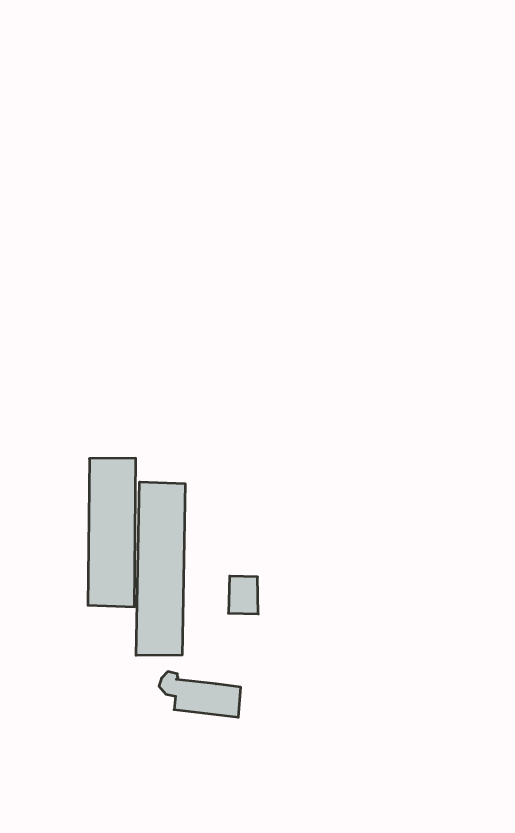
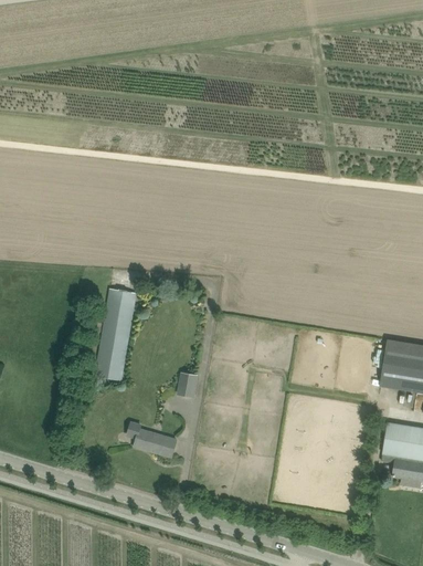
building: [136,482,185,655] -> none

